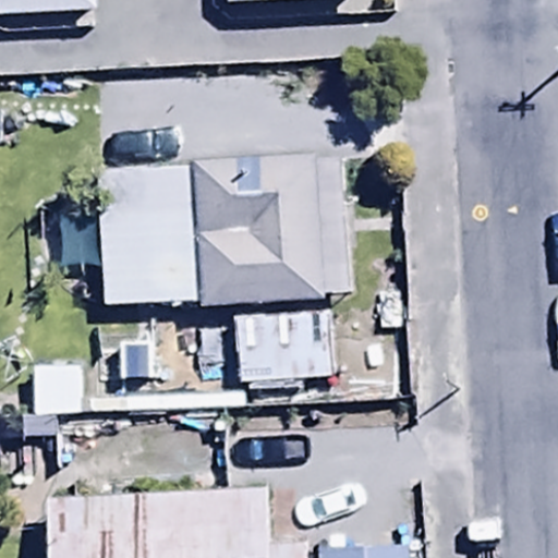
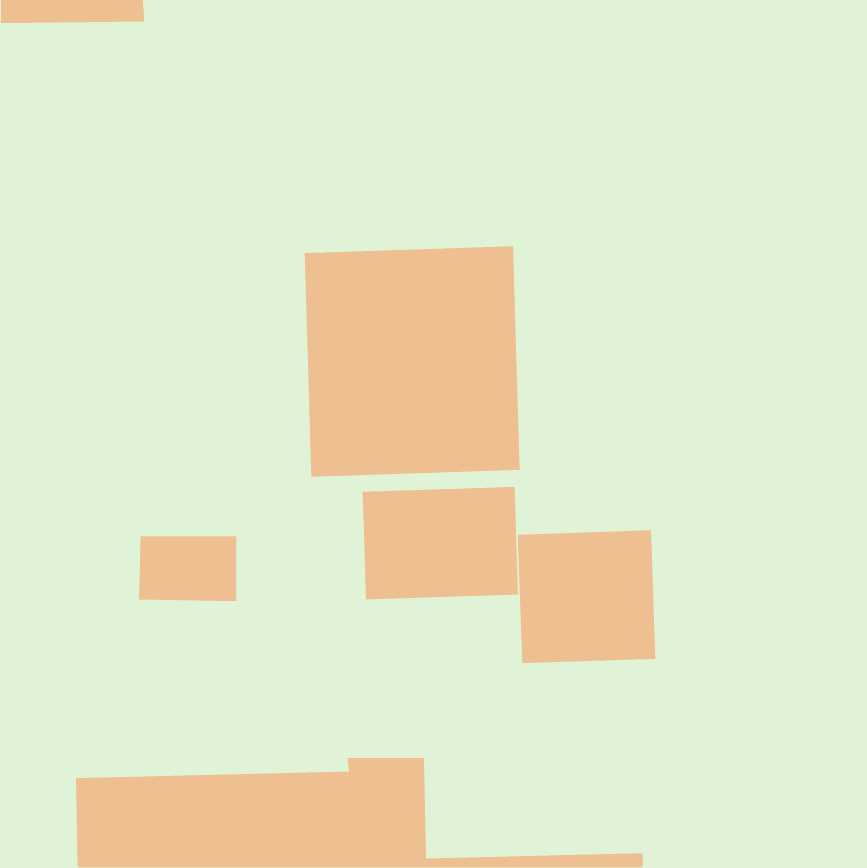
building: [98,161,202,310] -> none
building: none -> [517,530,656,664]

